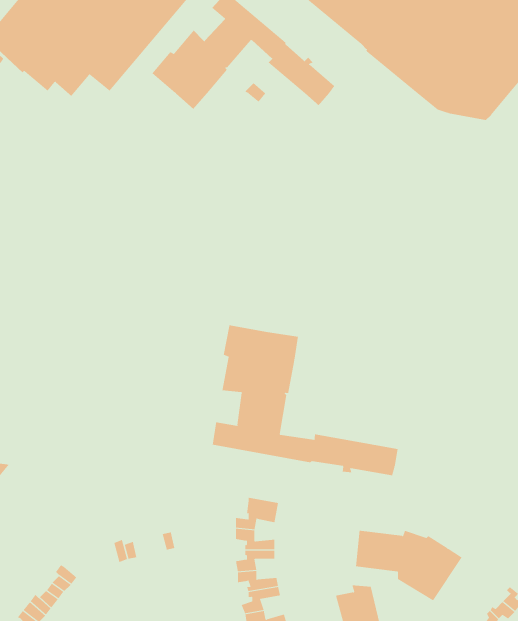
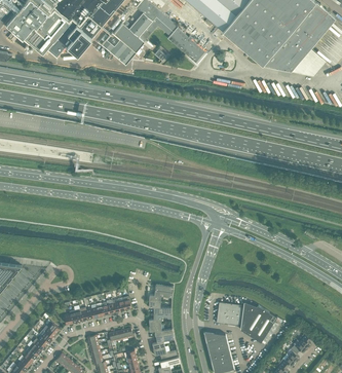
building: [212,324,398,476] -> none

